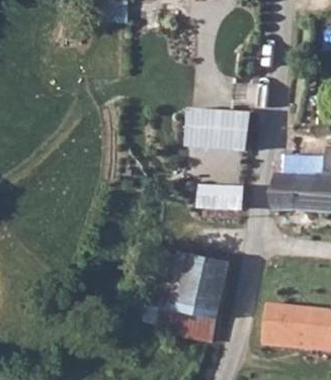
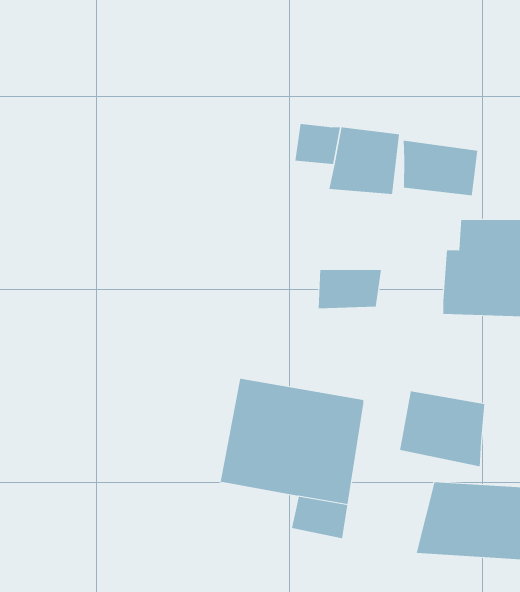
building: none -> [403,140,478,196]
building: none -> [400,390,485,467]

